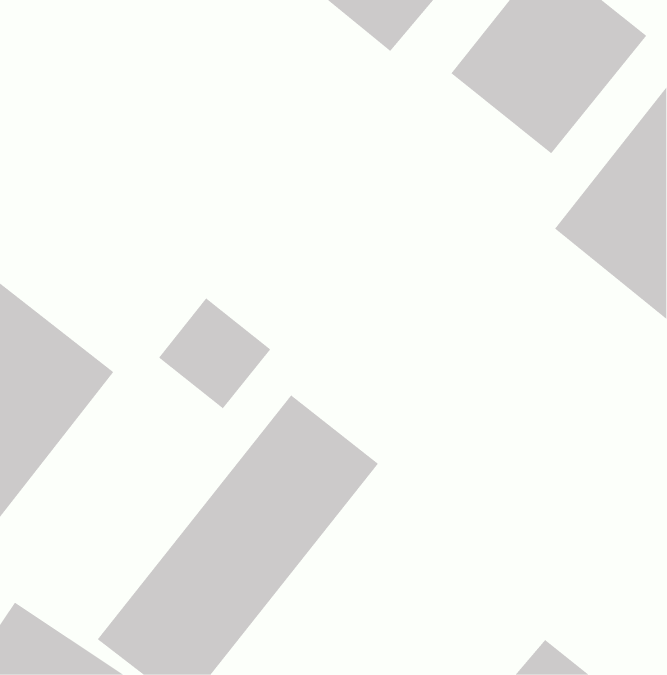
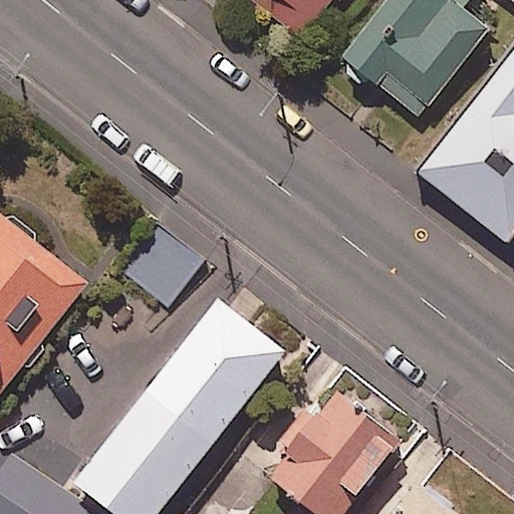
building: none -> [259,390,394,502]

